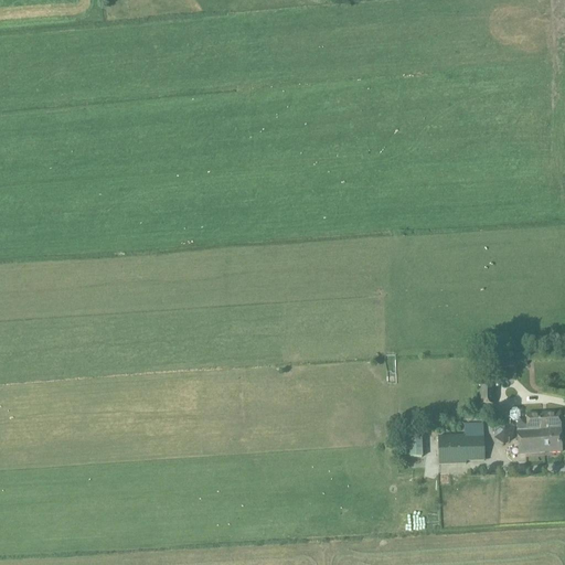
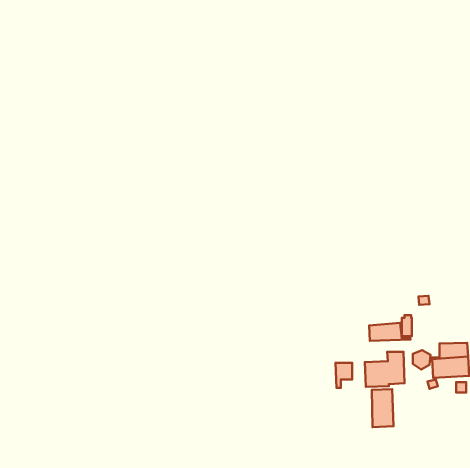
building: none -> [369,323,410,341]
building: none -> [372,389,393,427]

